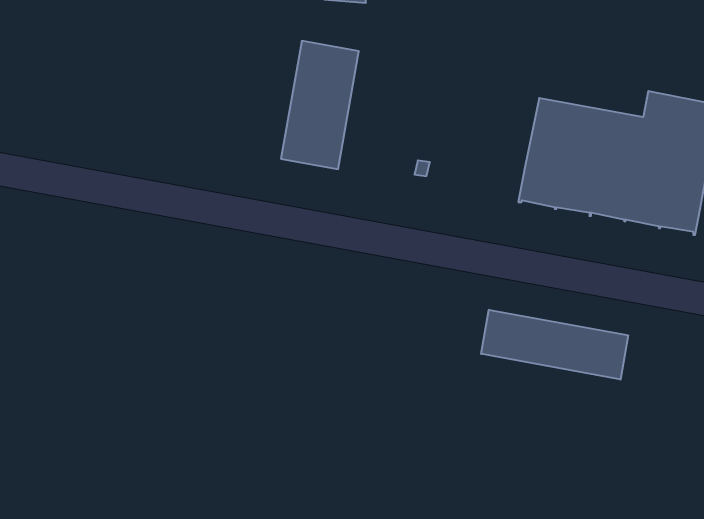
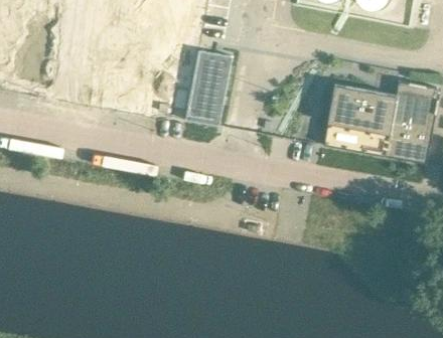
building: [481,310,628,380] -> none

